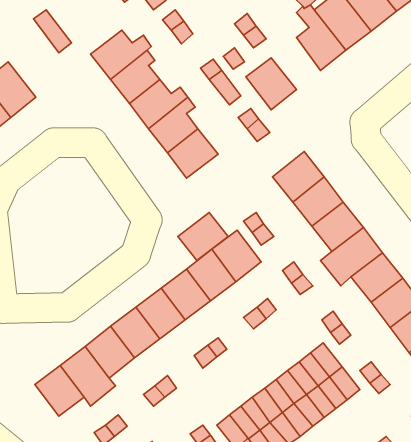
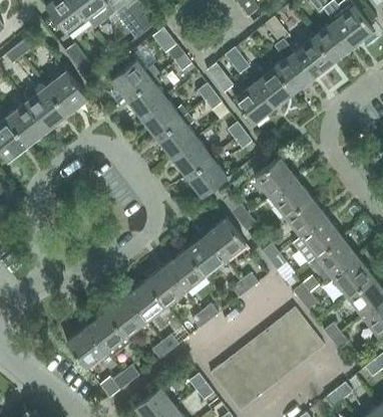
building: none -> [254,66,293,108]
building: none -> [45,70,87,114]
building: [178,212,228,261] -> [186,159,227,197]

